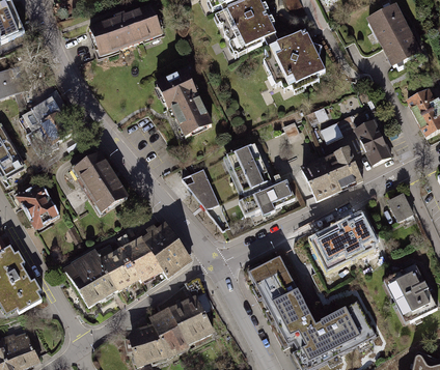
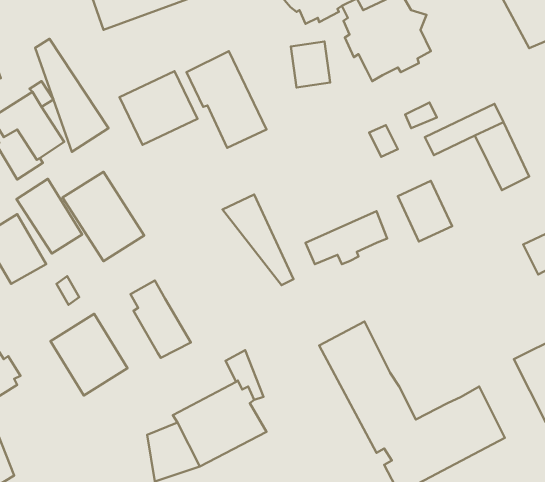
building: none -> [35,39,109,152]
building: none -> [291,42,330,87]
building: none -> [120,71,198,145]
building: [226,143,271,194] -> none
building: [325,148,362,190] -> none
building: none -> [17,179,82,253]
building: [310,216,375,271] -> none
building: [142,224,188,277] -> none
building: [93,243,137,289] -> none

